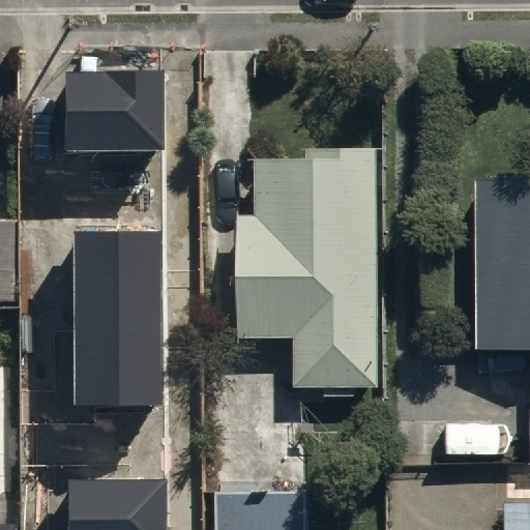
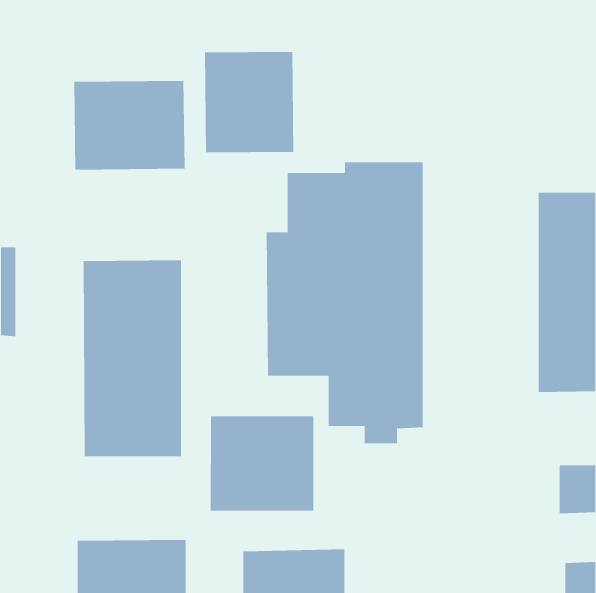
building: none -> [205,51,294,153]
building: none -> [210,415,314,512]

